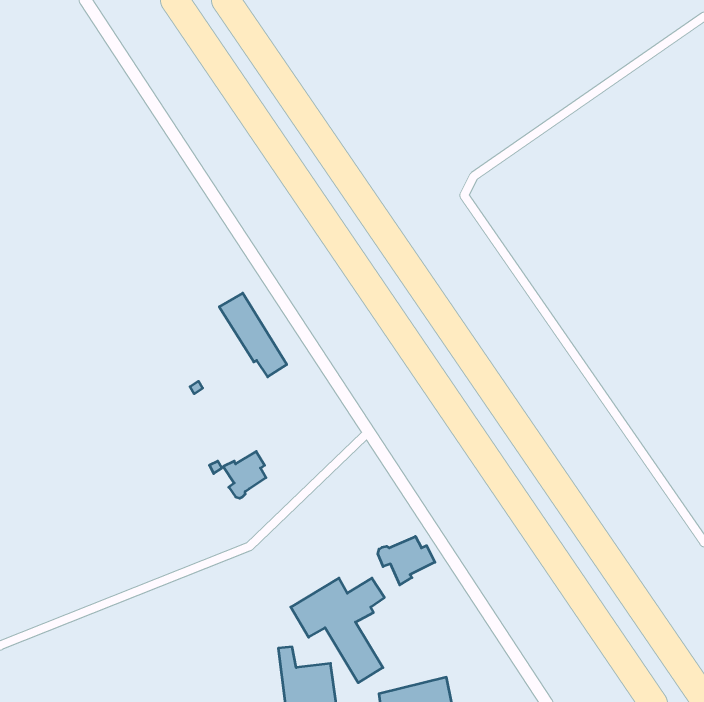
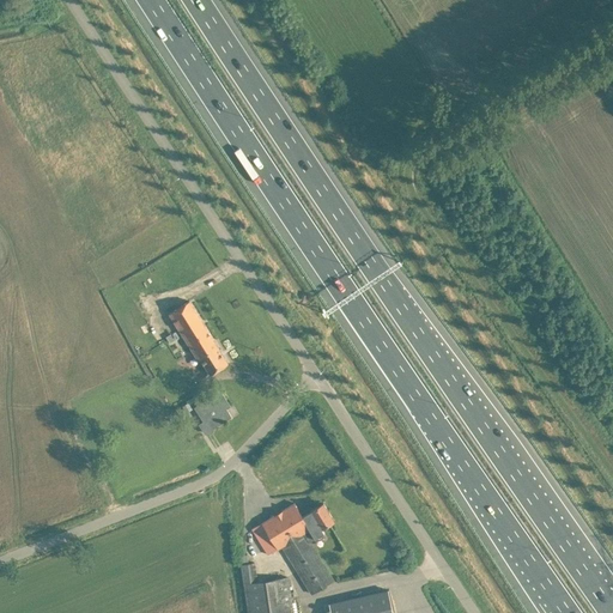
building: [219,293,287,377] -> [169,302,227,375]
building: [378,536,435,585] -> none

